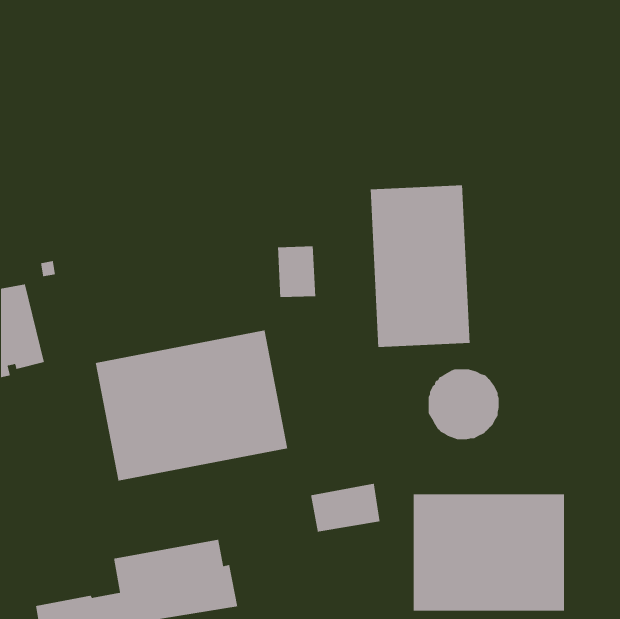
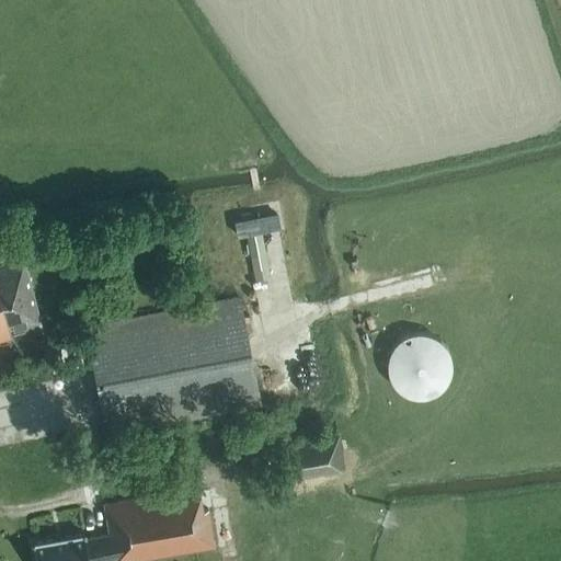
building: [370,184,470,348] -> none
building: [413,493,565,612] -> none

